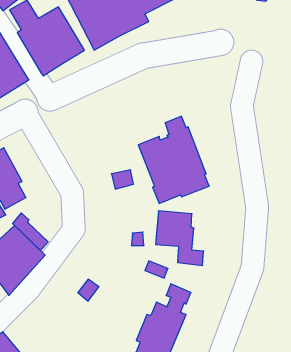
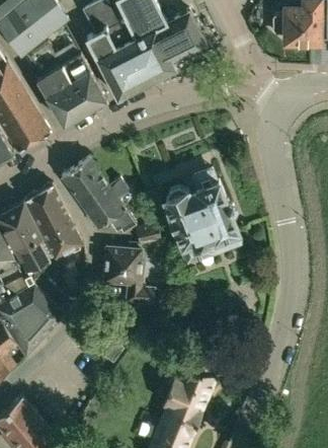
building: none -> [61,157,135,232]
building: none -> [24,184,82,258]
building: [156,211,204,265] -> [102,246,153,304]

